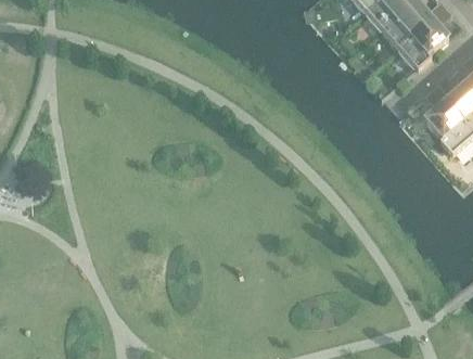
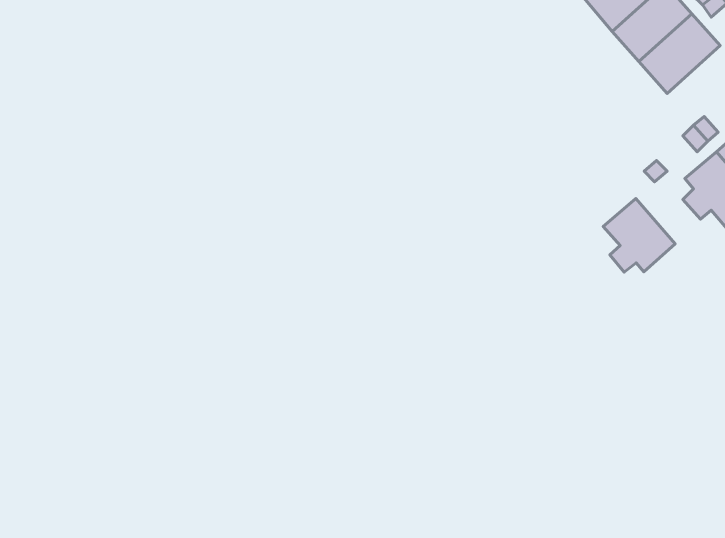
building: none -> [603,199,675,272]

